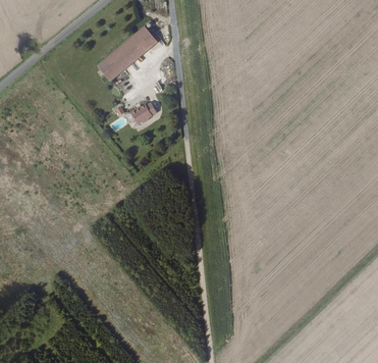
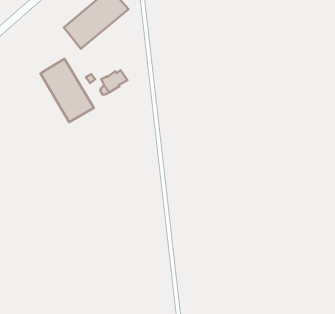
building: none -> [41,59,94,122]

